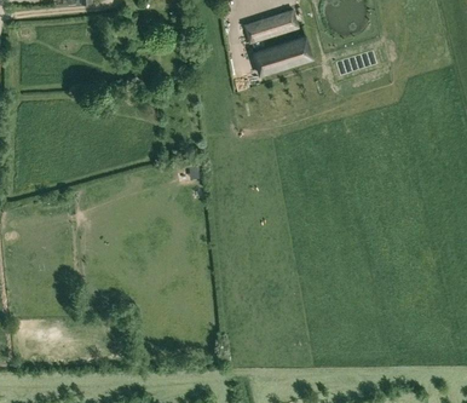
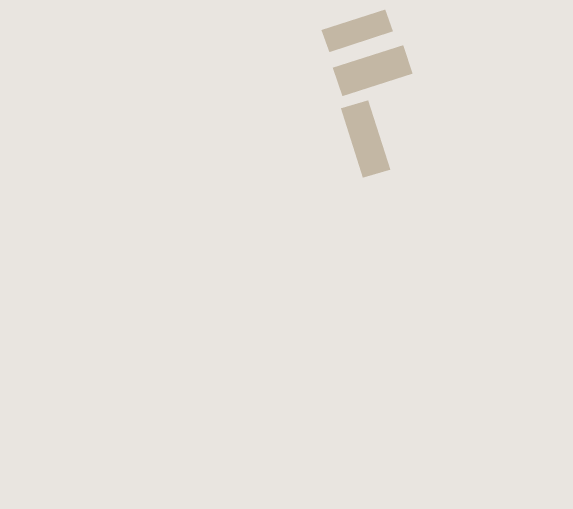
building: none -> [340,100,391,178]

